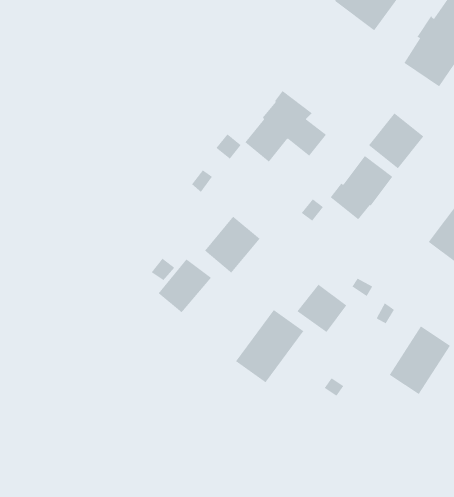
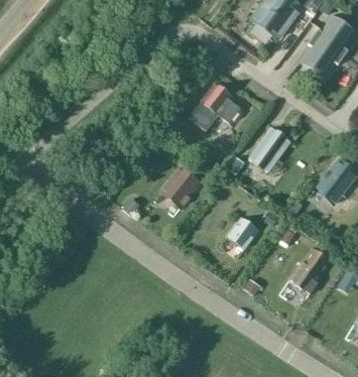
building: [368,112,424,169] -> none
building: [158,258,212,313] -> none
building: [235,309,304,383] -> none

